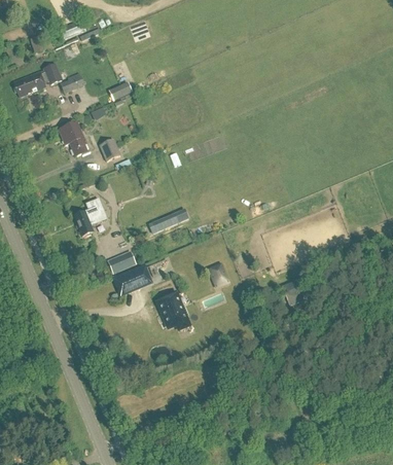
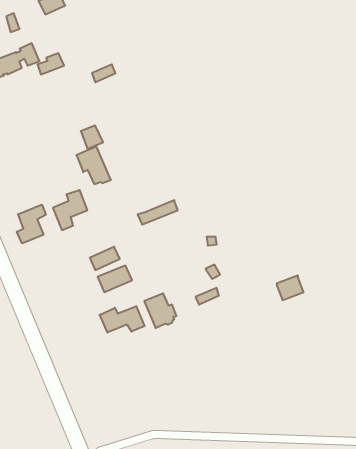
building: [59,121,91,156] -> [76,146,111,184]
building: none -> [17,205,46,243]
building: none -> [100,306,145,333]

